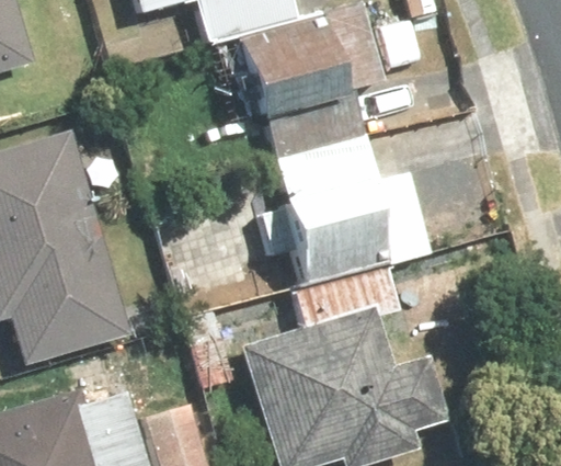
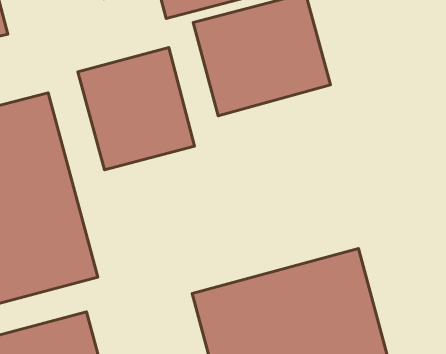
building: none -> [78,47,195,170]
building: [265,163,435,293] -> none

